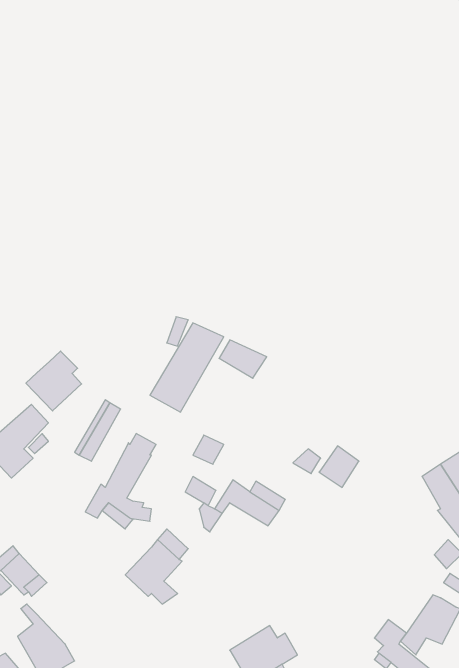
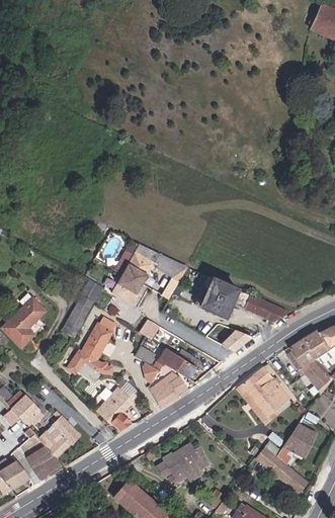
building: [26,351,82,411] -> none
building: none -> [199,278,283,321]
building: none -> [240,367,288,416]
building: none -> [149,372,187,408]
building: none -> [36,409,80,456]

